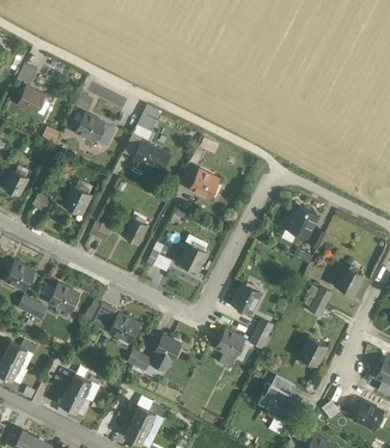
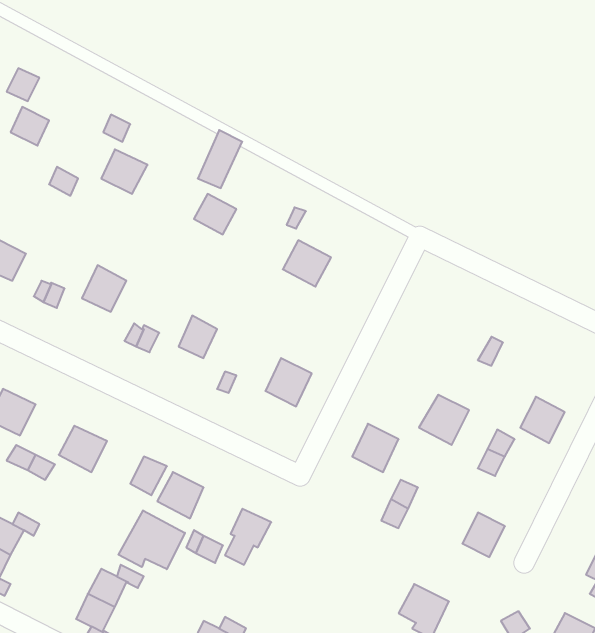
building: [285,206,316,237] -> [419,395,469,445]
building: [213,328,243,365] -> none
building: none -> [118,510,185,569]

